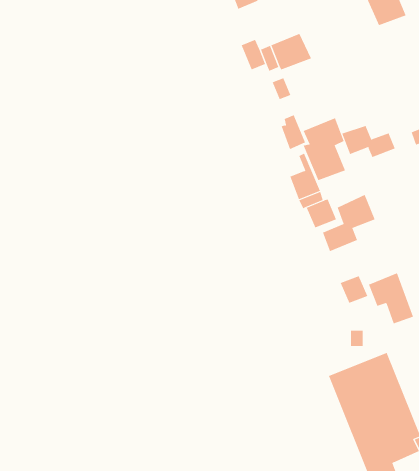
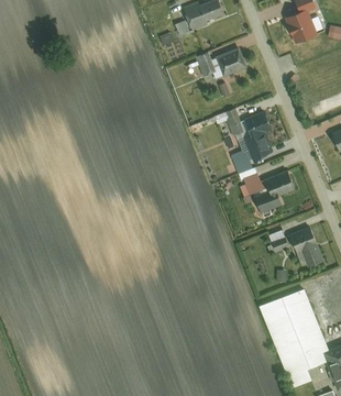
building: [341,125,396,158] -> none

